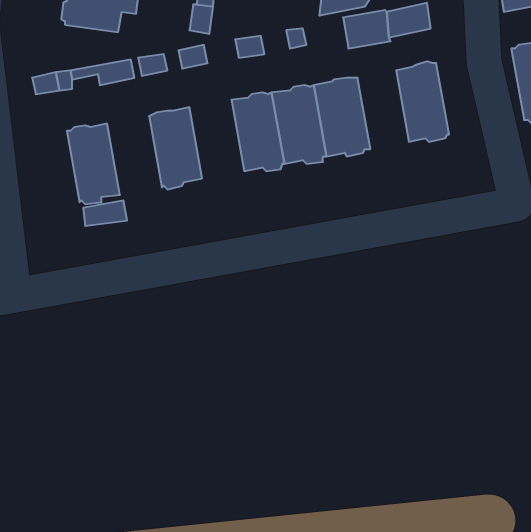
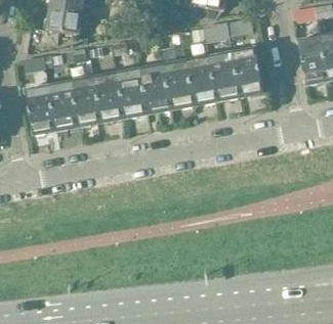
building: none -> [212,52,241,97]
building: none -> [118,70,149,115]
building: none -> [72,79,102,124]
building: none -> [26,87,56,132]

